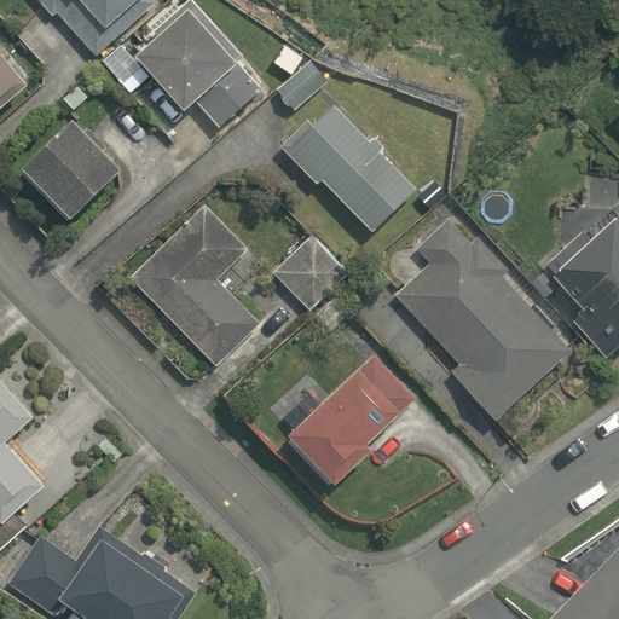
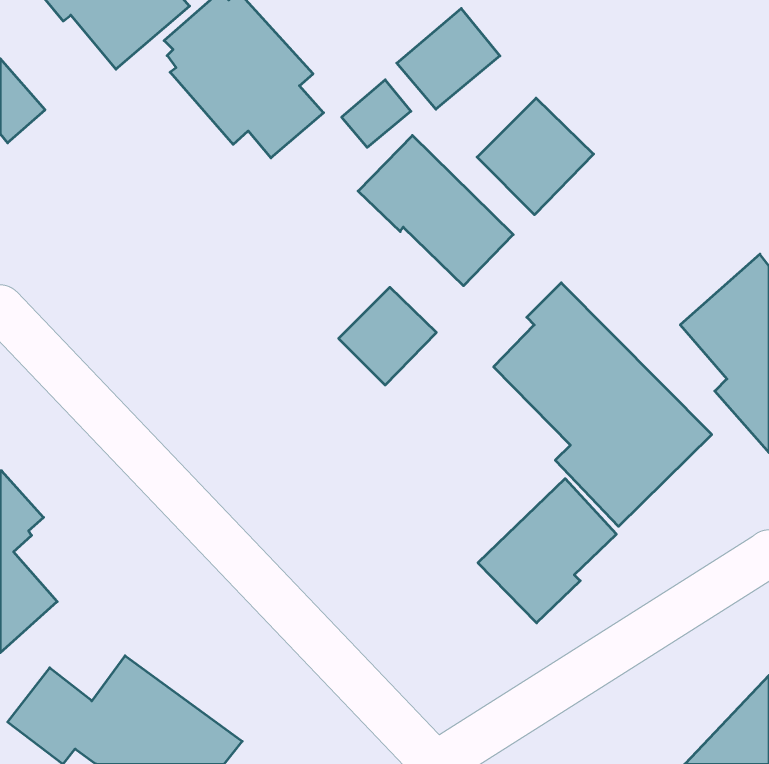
building: none -> [397,8,500,109]
building: none -> [477,98,594,215]
building: [24,126,122,224] -> none
building: [132,207,256,364] -> none
building: [290,372,401,488] -> [478,479,616,623]

